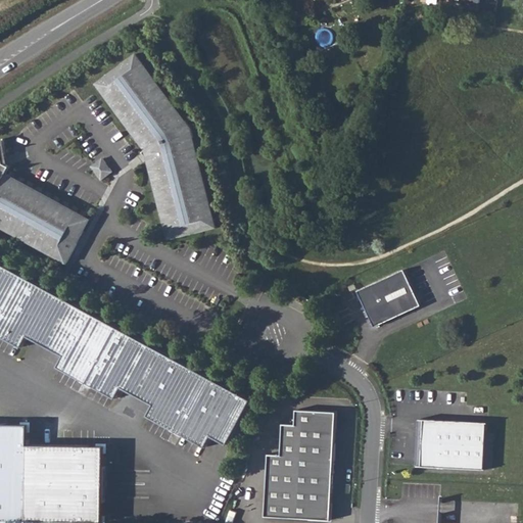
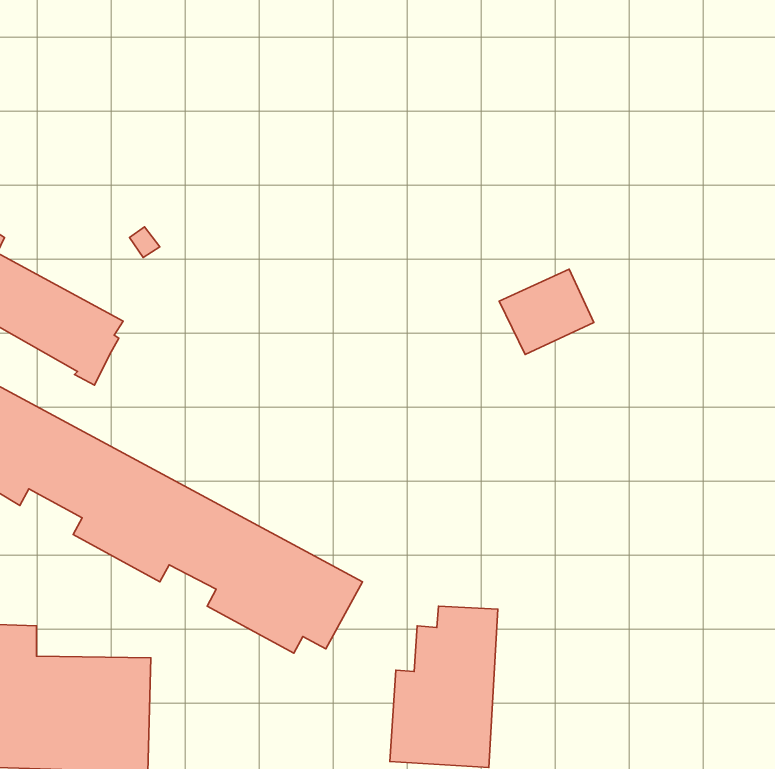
building: [94,54,213,241] -> none
building: [355,275,419,332] -> [499,269,594,354]
building: [415,423,485,474] -> none

